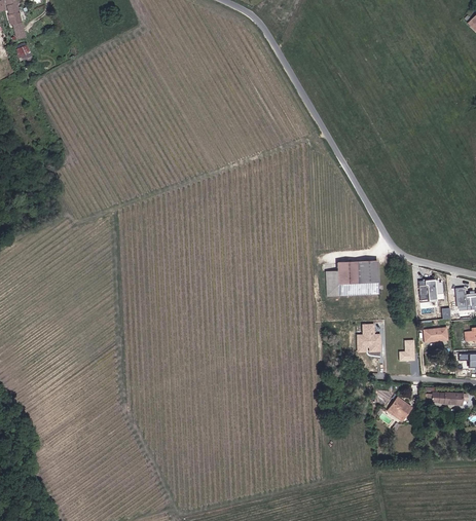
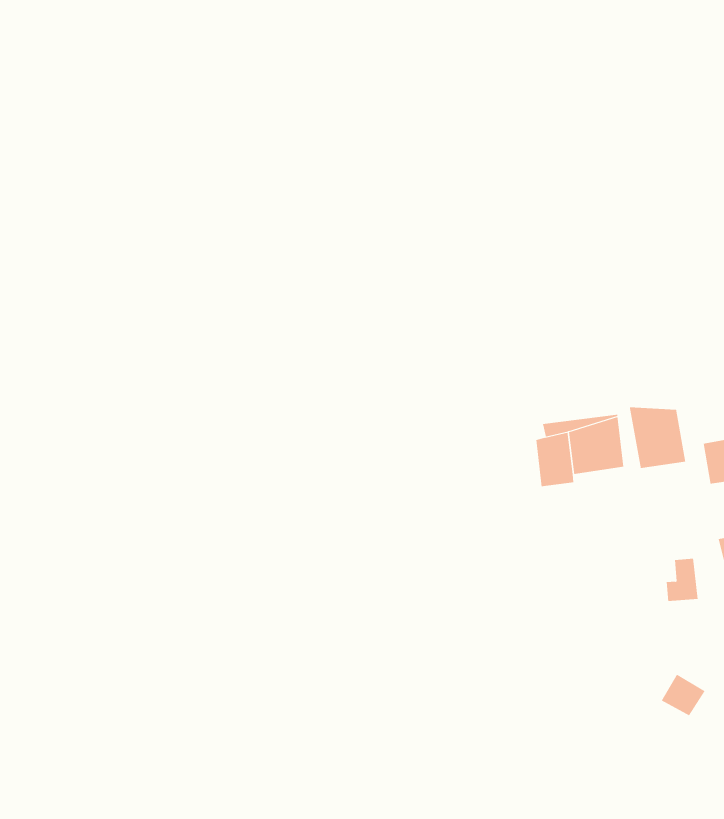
building: none -> [629,407,686,469]
building: [354,323,379,351] -> none

